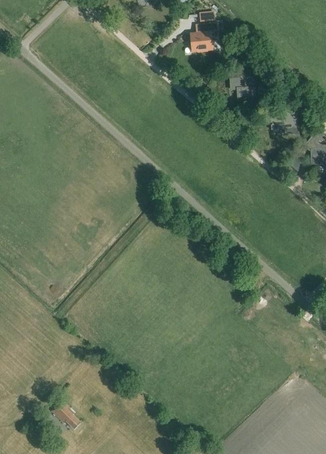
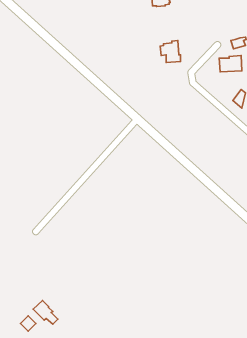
building: [231,71,255,97] -> [160,40,180,62]

